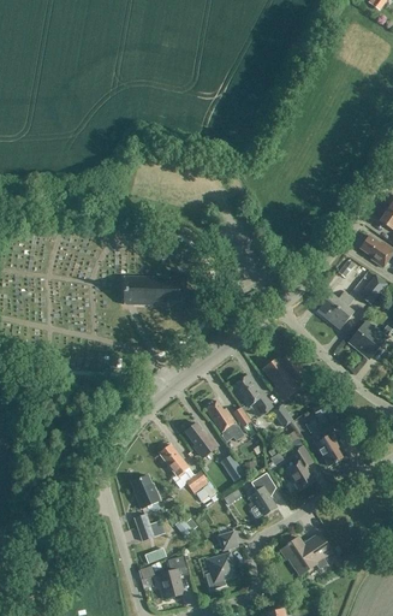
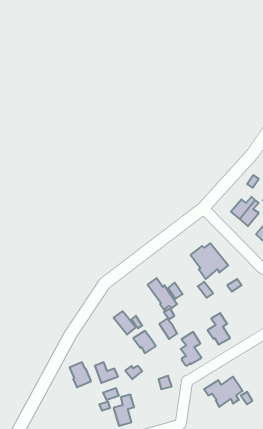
building: [124,277,186,306] -> none
building: [232,374,272,411] -> none
building: [315,419,350,466] -> none
building: [184,422,216,456] -> none
building: [131,474,160,508] -> [70,362,91,387]
building: [206,553,236,590] -> none

